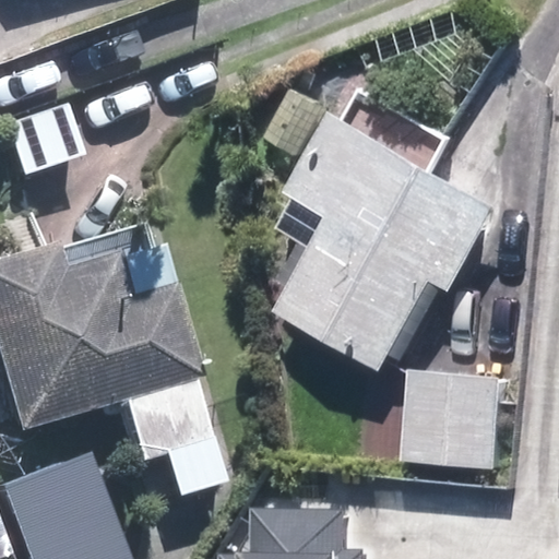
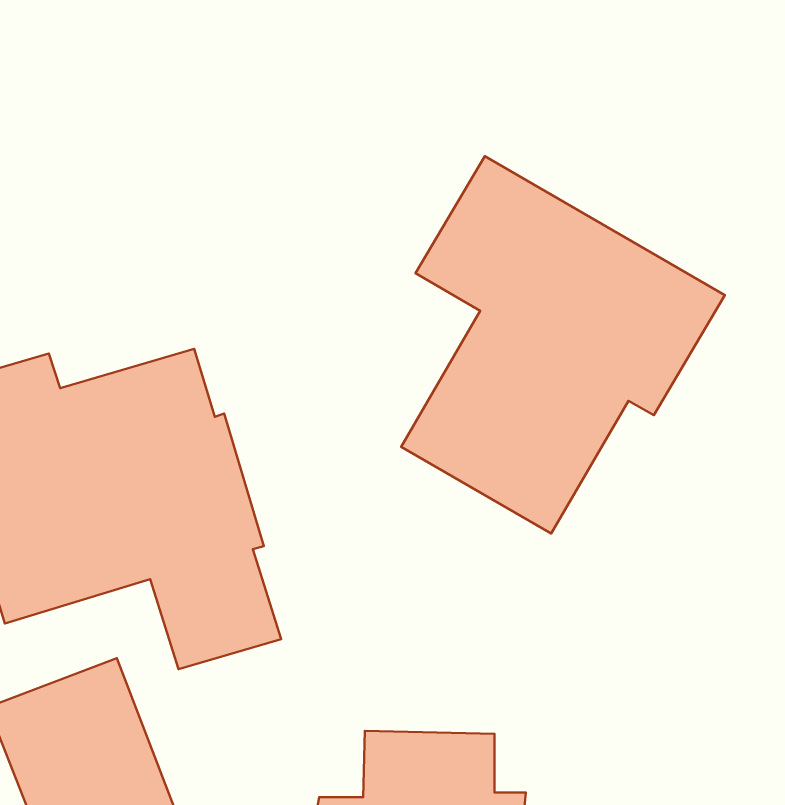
building: [400,368,498,467] -> none

